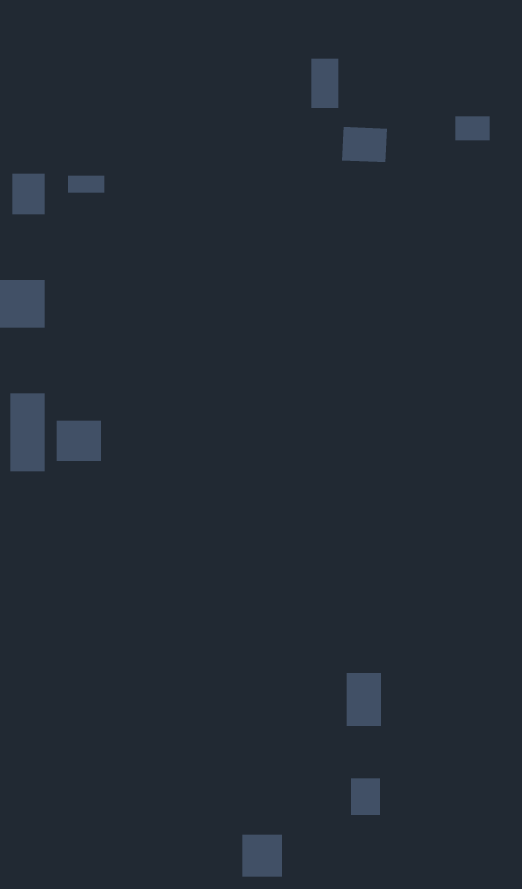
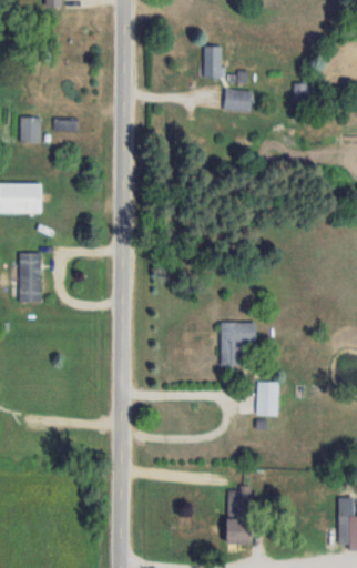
building: [56,420,102,462] -> none
building: none -> [220,323,248,365]
building: [346,673,382,727] -> [256,382,278,415]
building: [242,834,283,877] -> [223,517,248,544]

